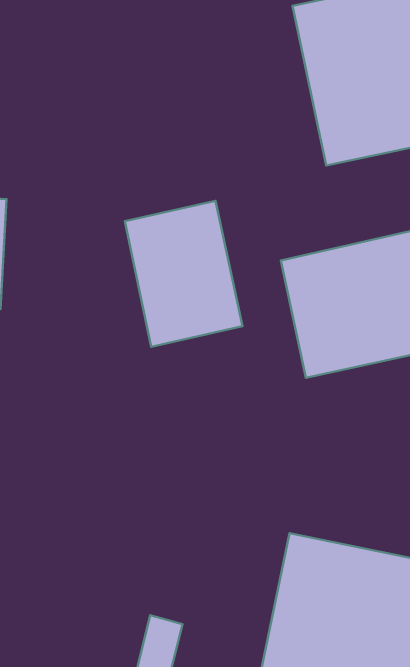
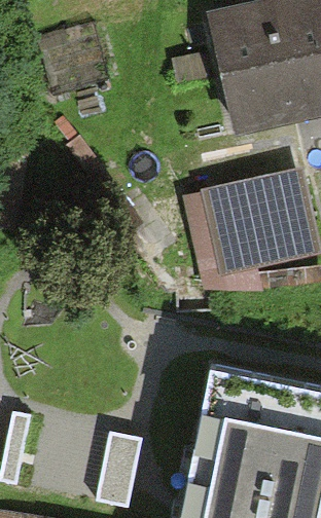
building: [125,201,243,347] -> none

